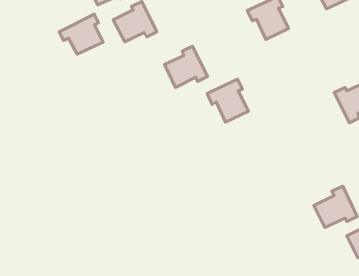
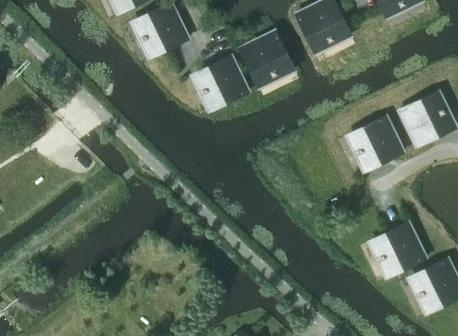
building: [59,14,103,54] -> none
building: [207,79,248,122] -> [239,31,288,82]
building: none -> [352,116,403,165]

